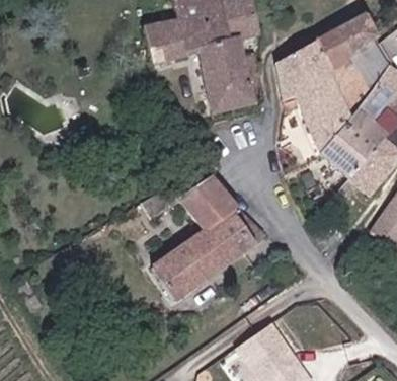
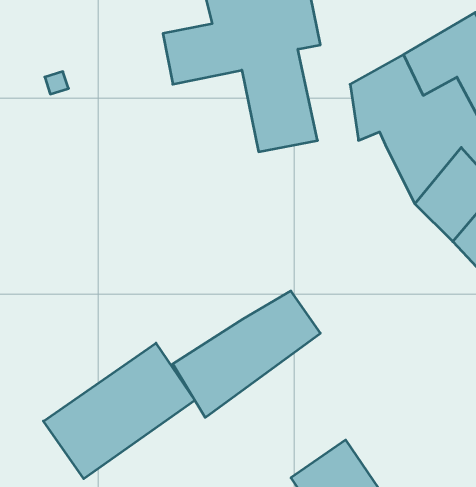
building: [175,176,239,232] -> none
building: none -> [43,343,195,479]

